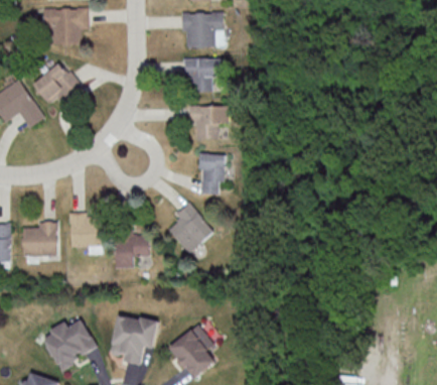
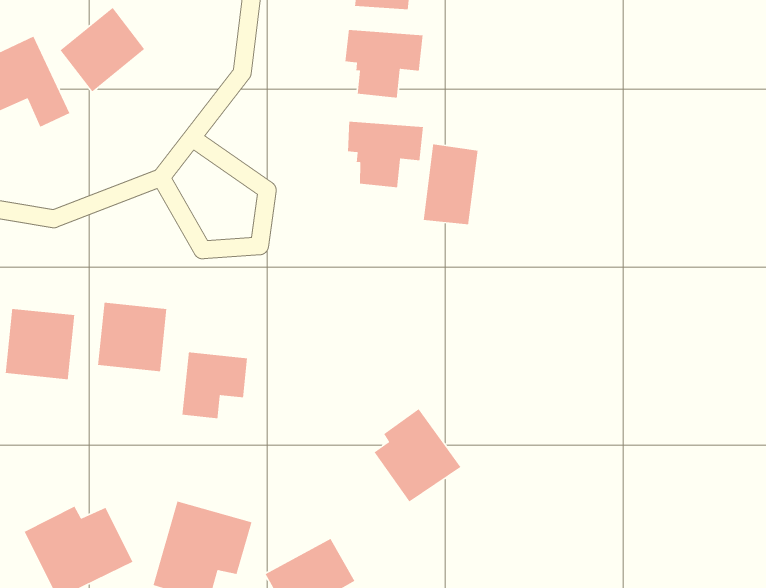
building: [199,153,225,194] -> [423,144,479,225]
building: [168,203,214,252] -> [373,408,462,503]

